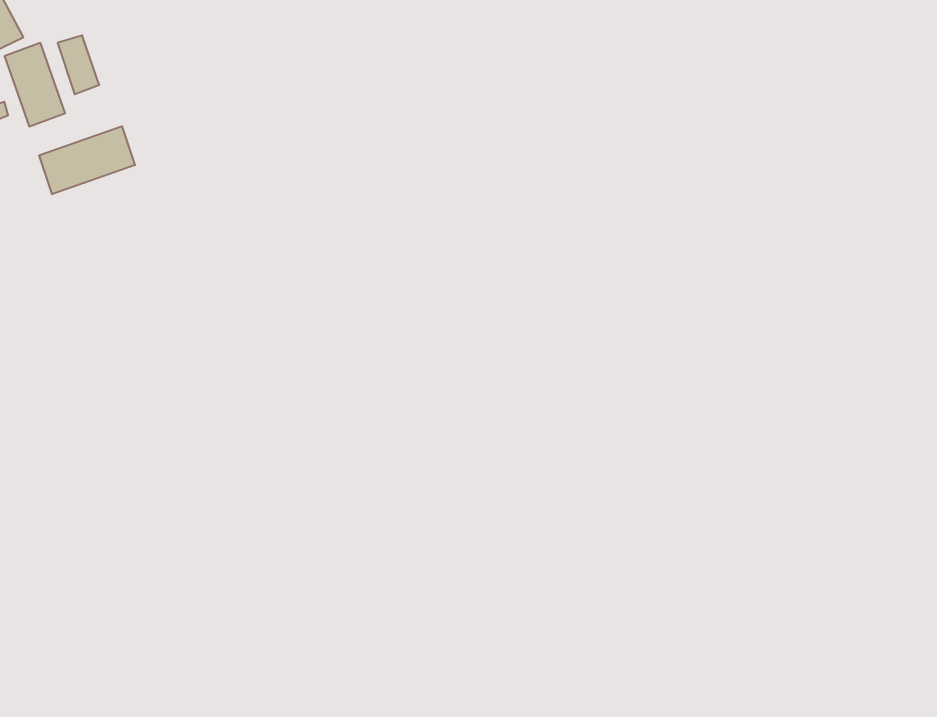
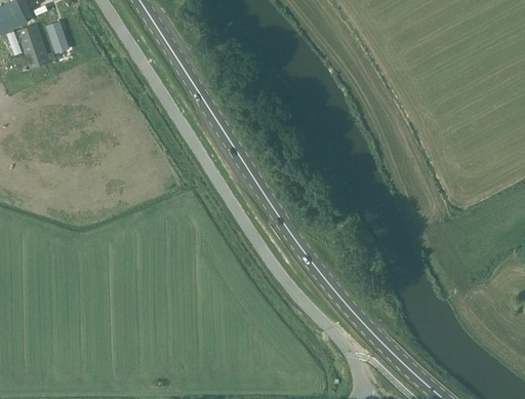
building: [39,126,135,194] -> none

